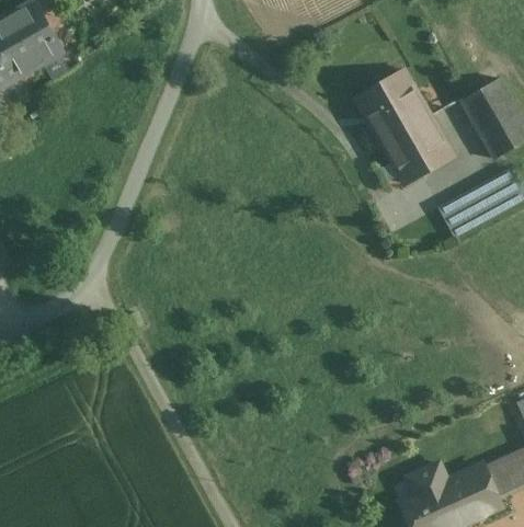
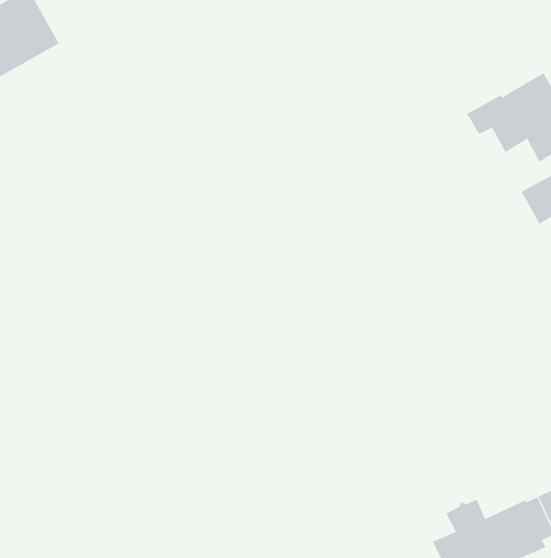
building: [356,70,453,183] -> none
building: [440,185,495,237] -> none

